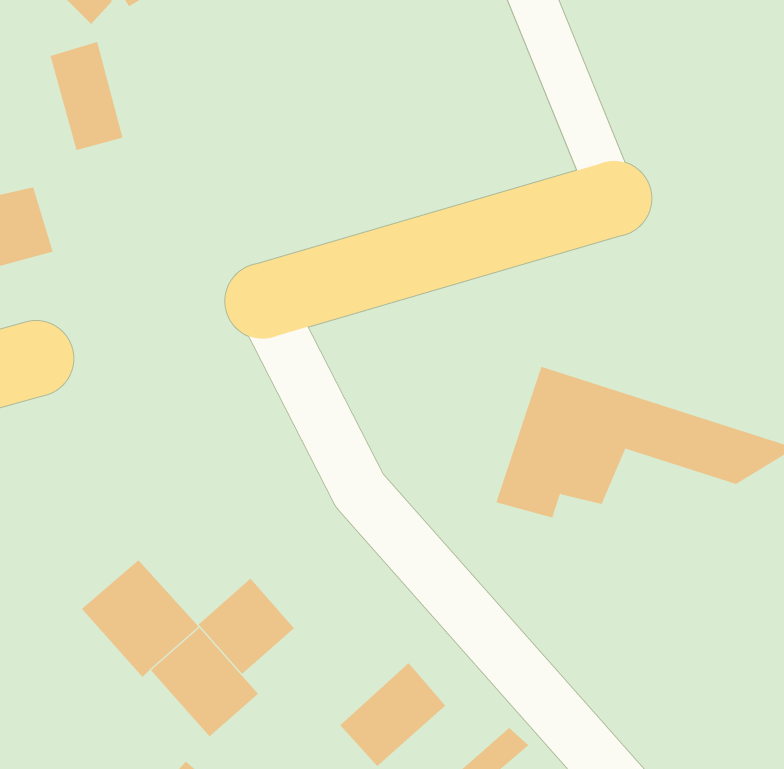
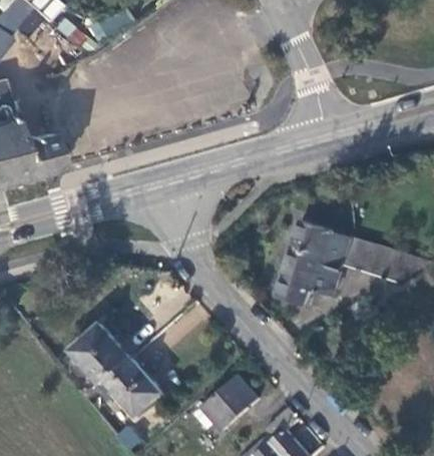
building: [50,41,123,151] -> none
building: [198,578,295,675] -> none

